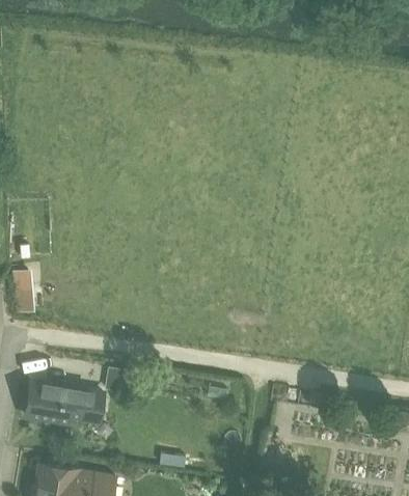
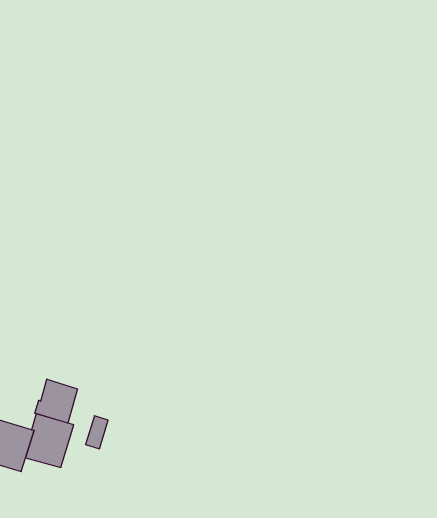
building: none -> [35,379,78,423]

